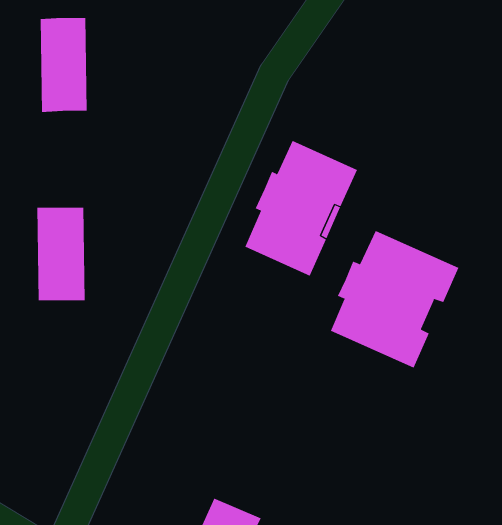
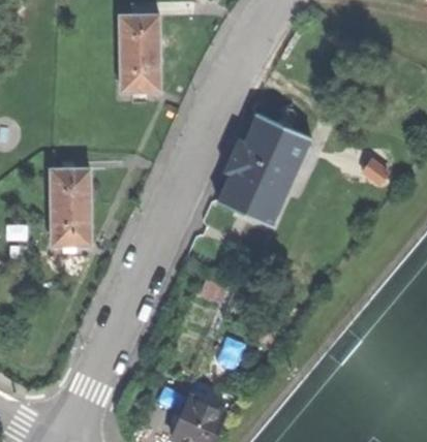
building: [40,17,87,113] -> [120,13,158,90]
building: [330,230,459,368] -> none

